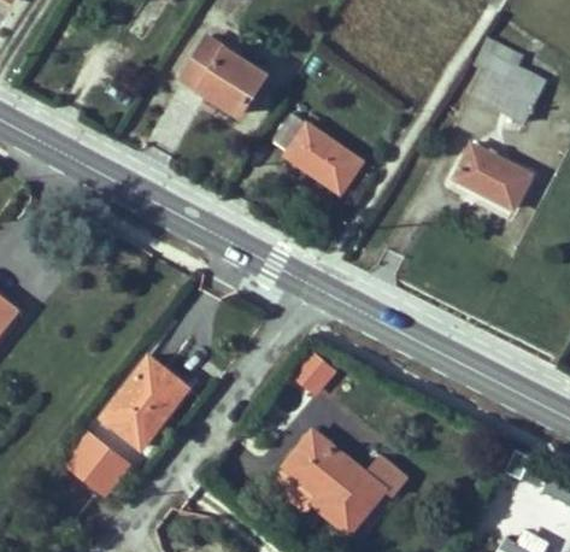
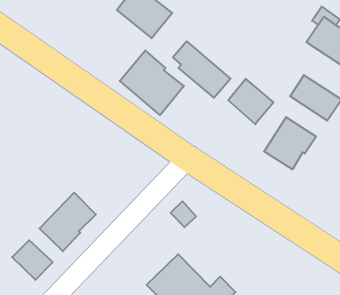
building: none -> [120,50,184,115]
building: none -> [228,79,273,124]
building: none -> [264,117,316,169]

